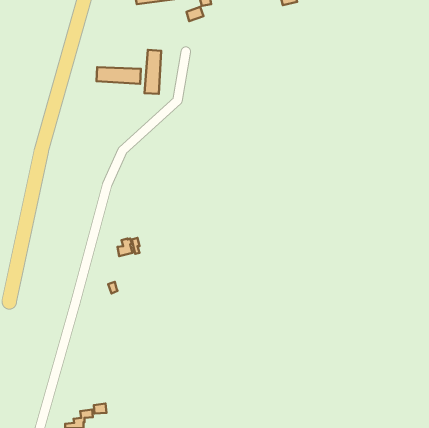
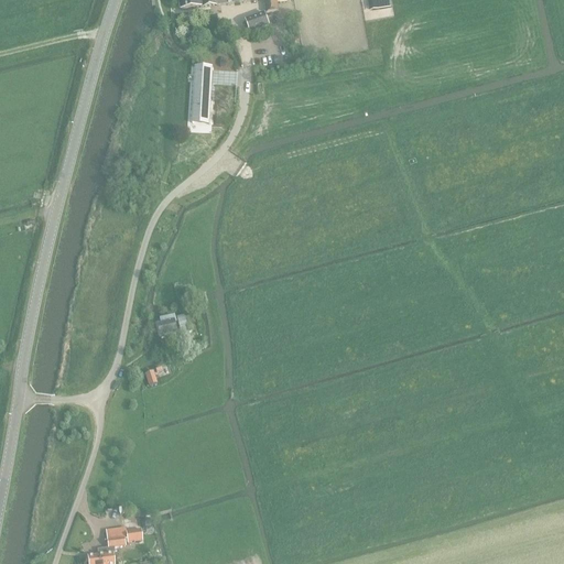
building: [96,67,141,84] -> none

